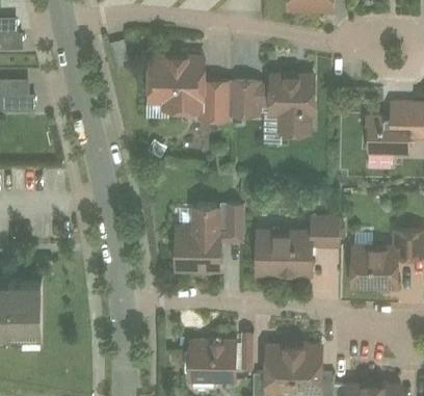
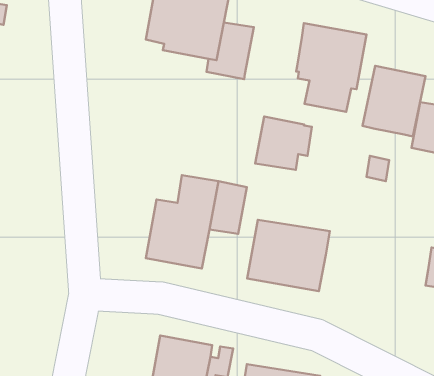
building: [227,81,266,118] -> [255,117,312,170]
building: none -> [363,66,425,136]
building: [309,214,338,249] -> none
building: [347,246,393,291] -> none

